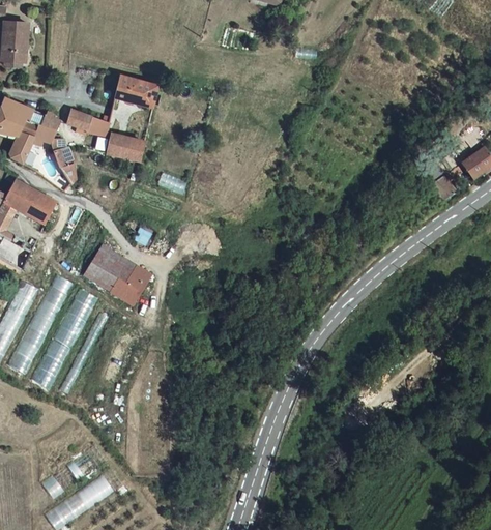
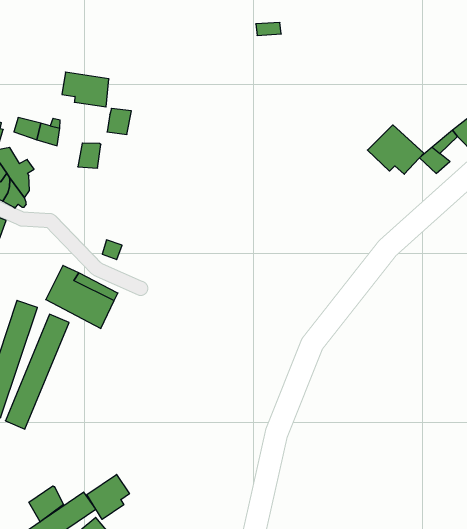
building: [105,134,128,158] -> [107,108,131,134]
building: none -> [367,125,424,174]
building: none -> [87,474,129,519]
building: none -> [29,486,64,522]

